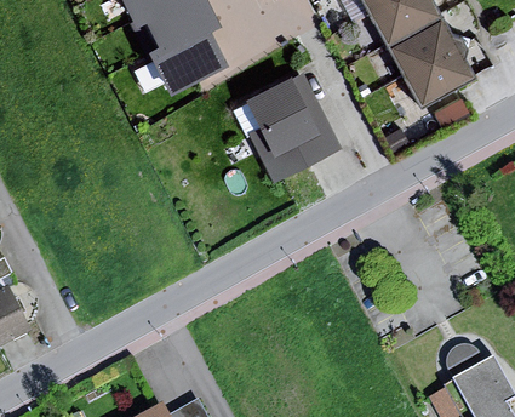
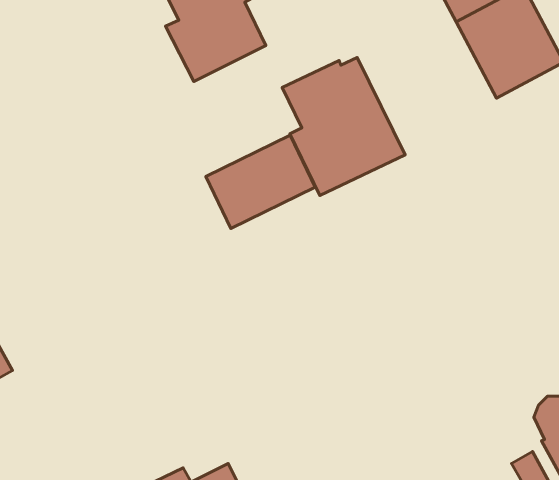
building: none -> [206,135,315,228]

